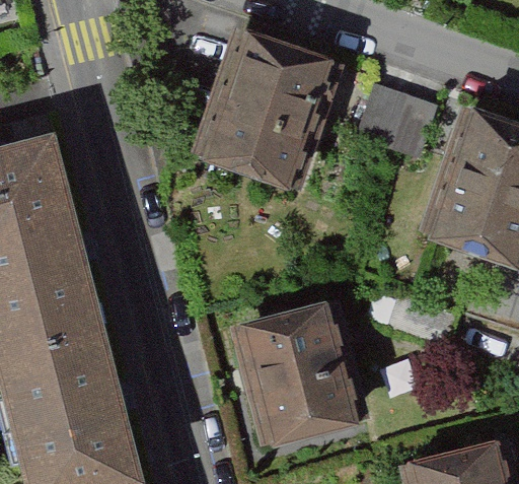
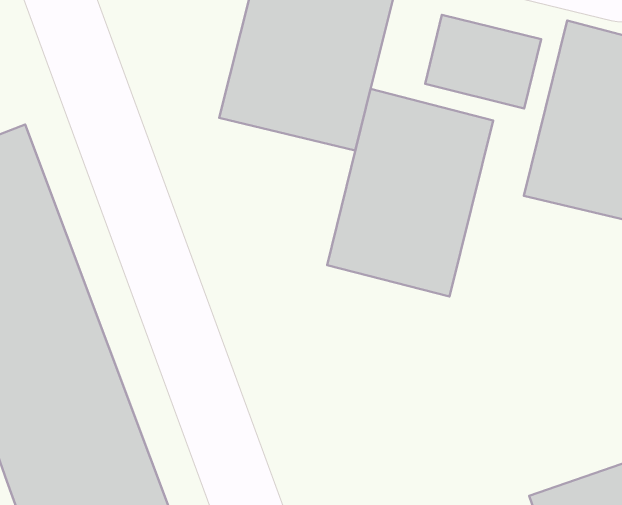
building: none -> [327,89,493,297]
building: [234,298,369,445] -> none

